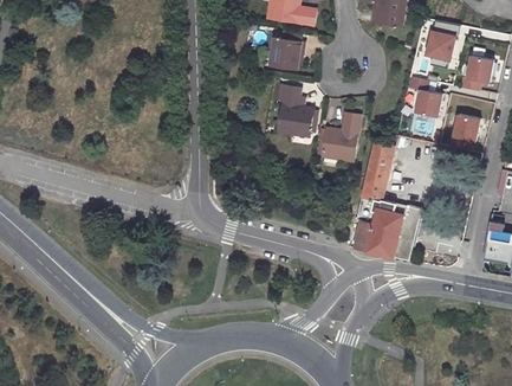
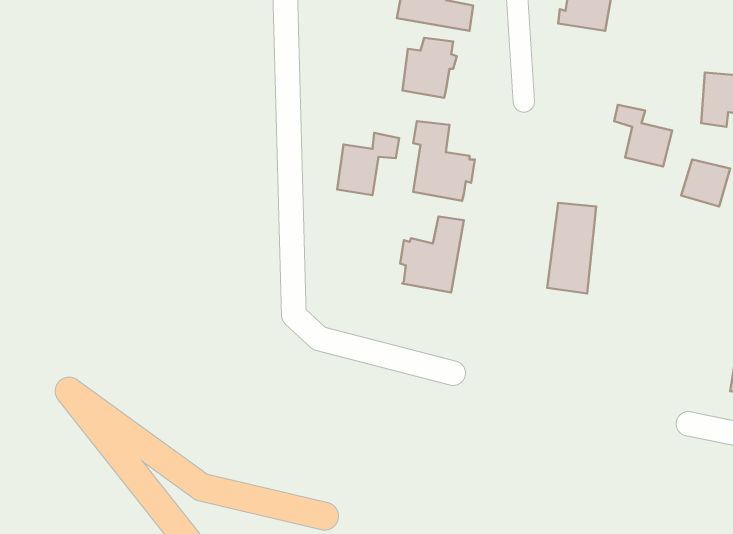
building: [426,19,460,63] -> none
building: none -> [337,133,399,195]
building: [319,112,361,162] -> [400,216,464,293]
building: [354,199,408,257] -> none

